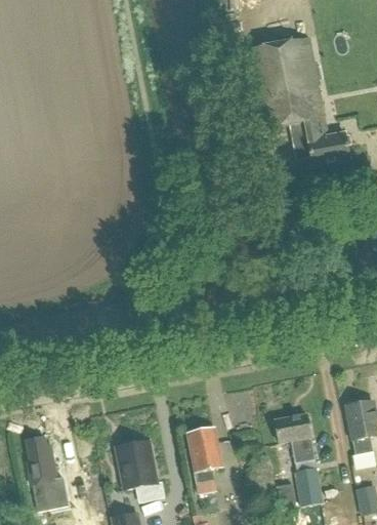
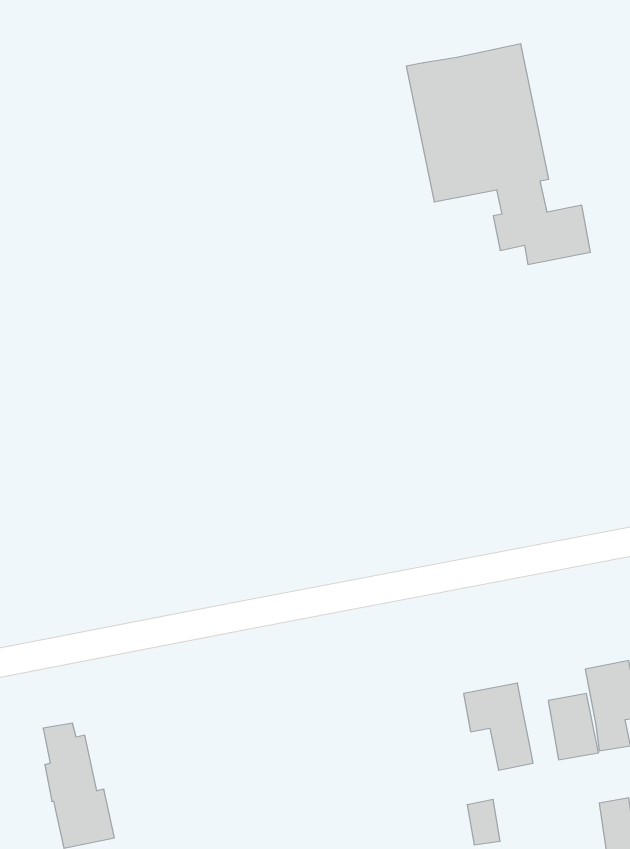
building: [191,429,222,483] -> none
building: [116,440,164,500] -> none
building: [294,467,324,506] -> [548,694,599,760]

